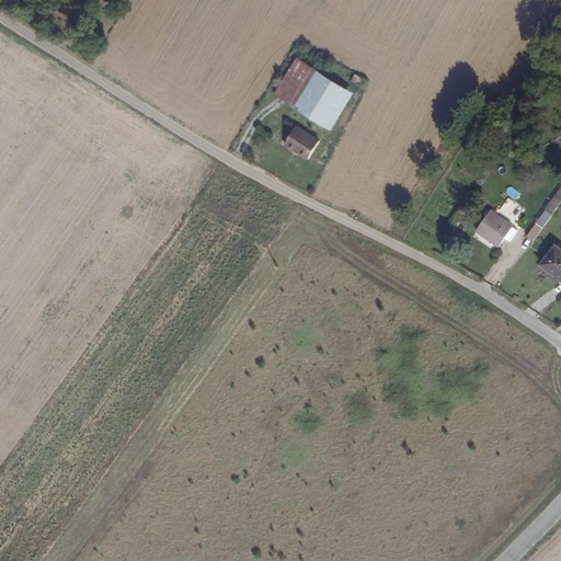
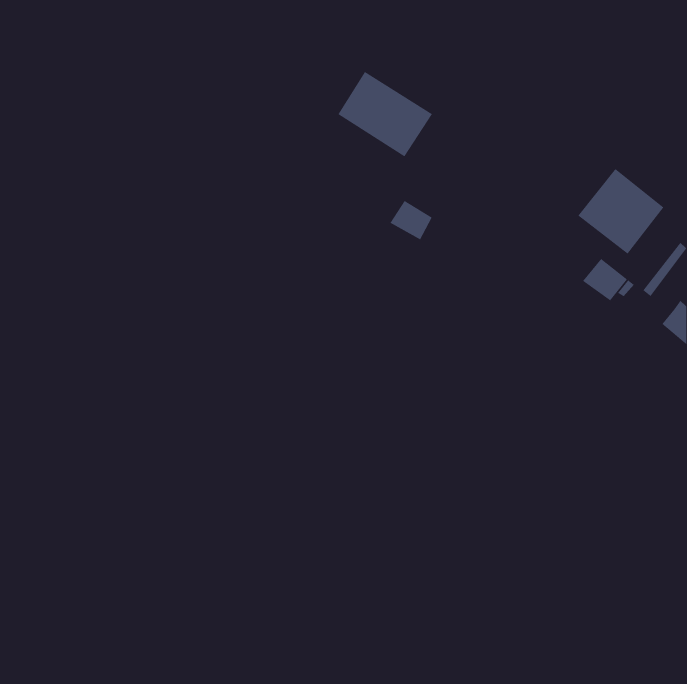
building: [283,126,318,159] -> [389,200,432,240]
building: none -> [578,168,664,255]

